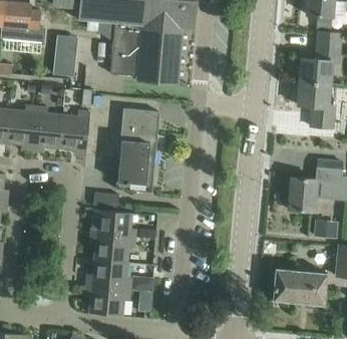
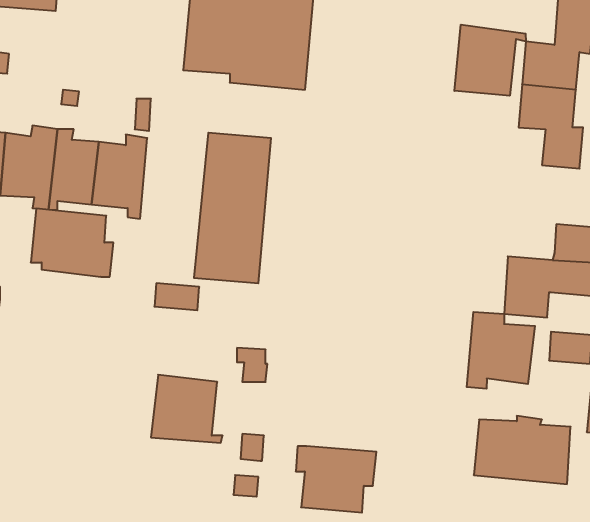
building: none -> [454,25,526,96]
building: [53,49,77,77] -> none
building: none -> [467,312,535,389]
building: [90,210,136,248] -> [31,209,113,277]
building: [86,279,131,316] -> [296,446,376,513]

